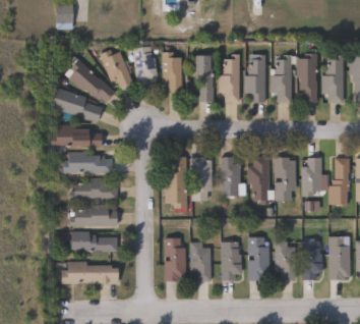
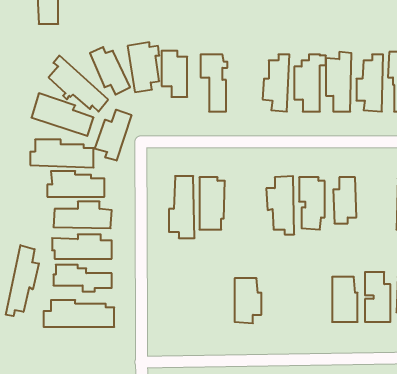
building: [219,54,240,102] -> none
building: none -> [95,110,131,161]
building: [221,158,247,197] -> none
building: [328,159,351,206] -> none
building: none -> [6,245,39,316]
building: [164,237,186,280] -> none
building: [248,237,271,280] -> none
building: [276,241,300,278] -> none
building: [190,242,212,280] -> none

